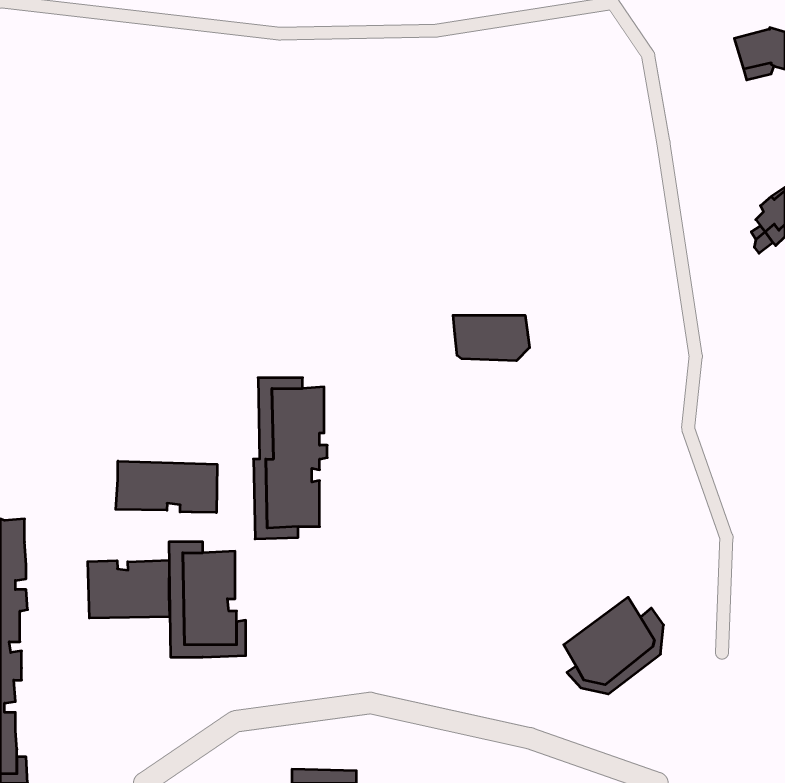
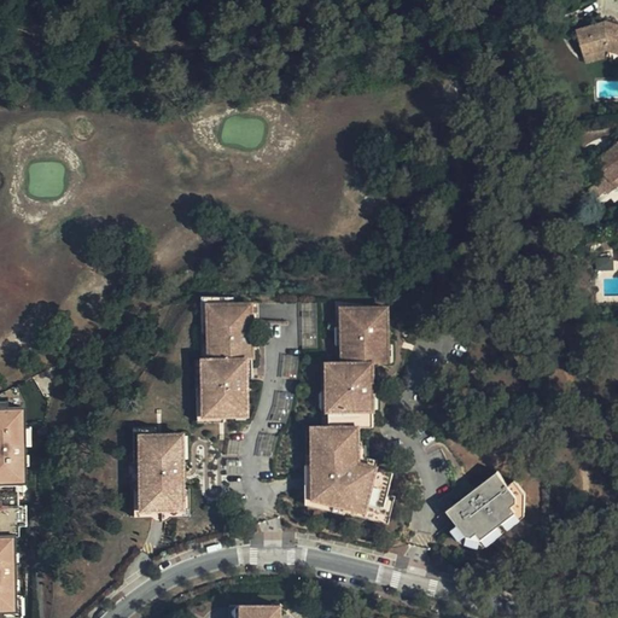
building: [453,315,530,361] -> none
building: none -> [308,302,396,524]
building: [116,461,217,513] -> none
building: [88,560,170,618] -> none

